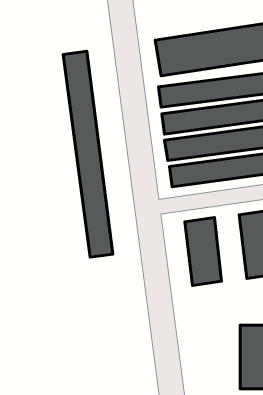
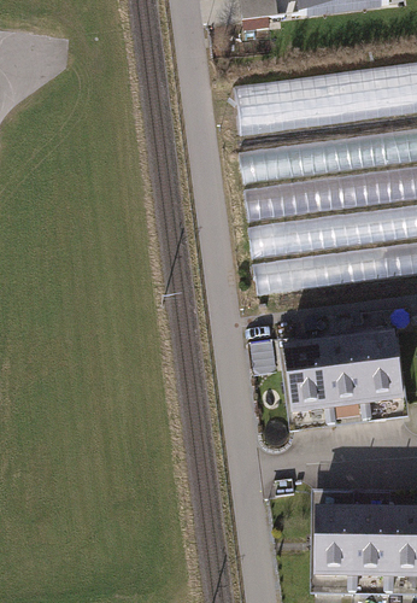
building: [63,51,113,257] -> none
building: none -> [319,334,365,428]
building: none -> [312,491,356,581]

